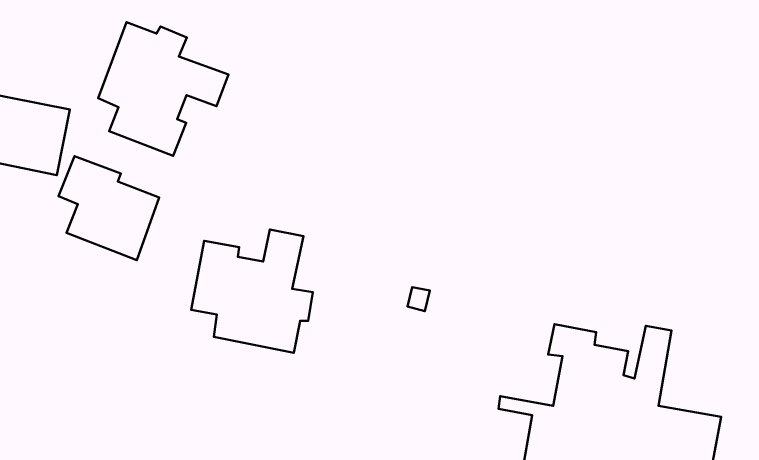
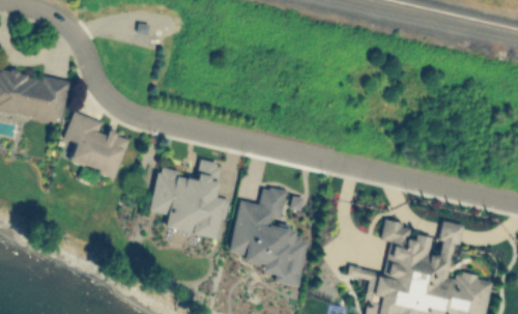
building: [98,22,229,156] -> none
building: none -> [228,185,308,287]

